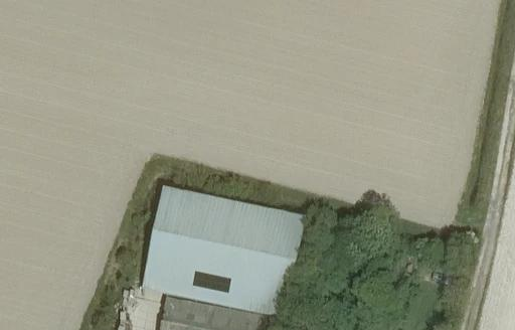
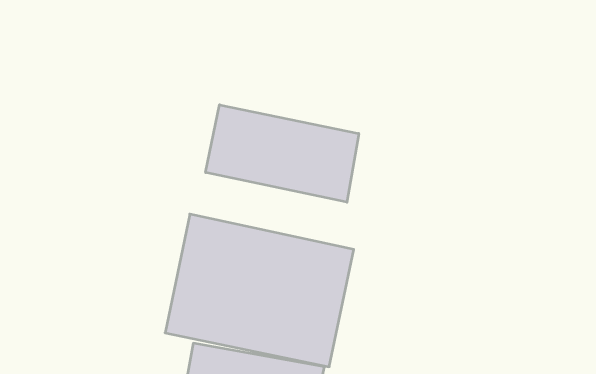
building: none -> [206,105,359,202]

